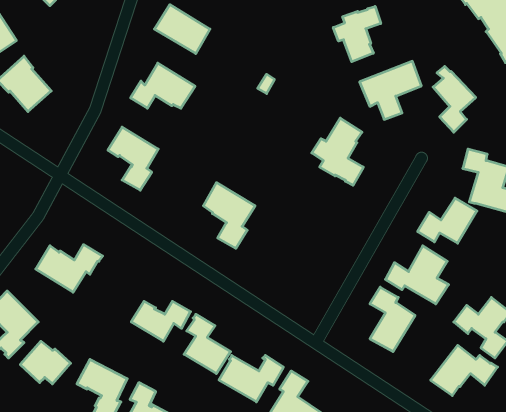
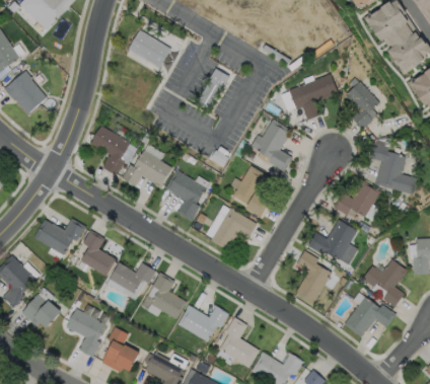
building: [333,6,381,62] -> none
building: [131,63,195,108] -> [122,150,172,185]
building: none -> [232,165,270,217]
building: none -> [210,208,257,250]
building: none -> [80,230,115,276]

